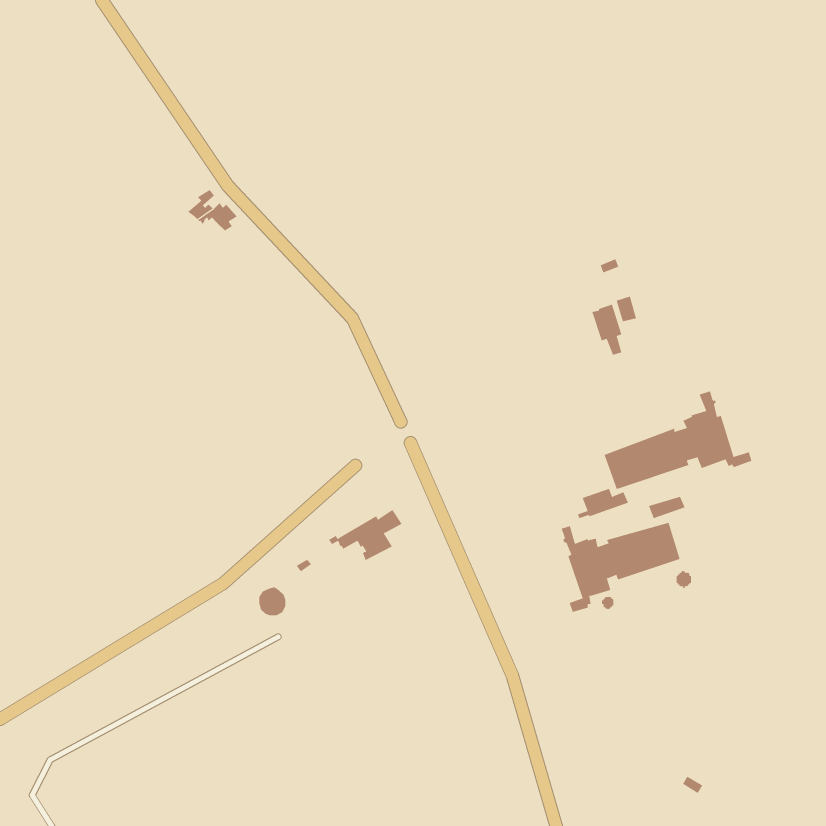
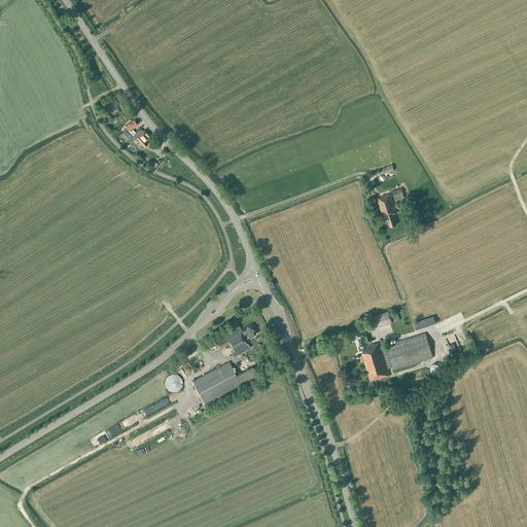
building: [604,390,752,490] -> none
building: none -> [192,362,257,403]

